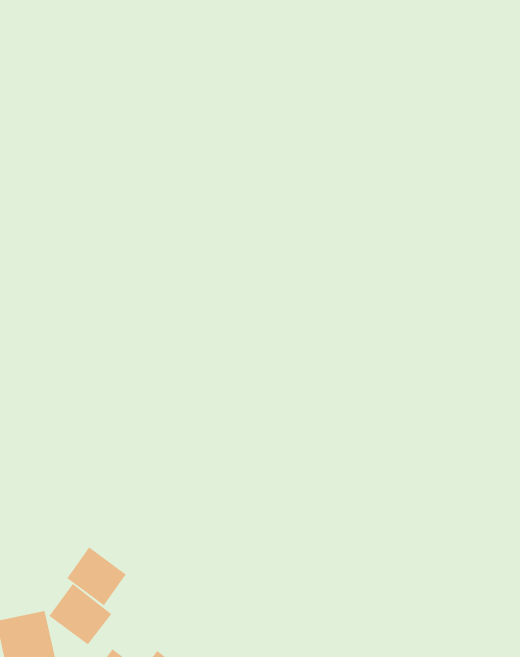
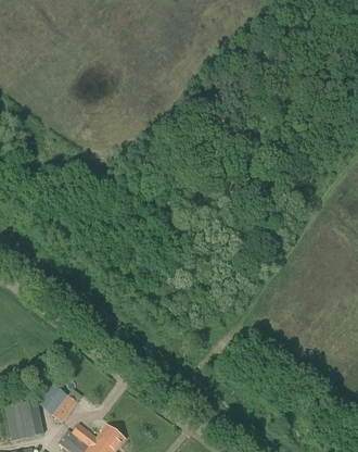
building: [66,547,126,606] -> none

